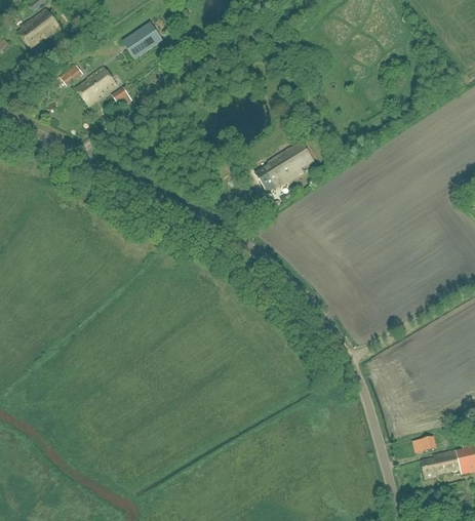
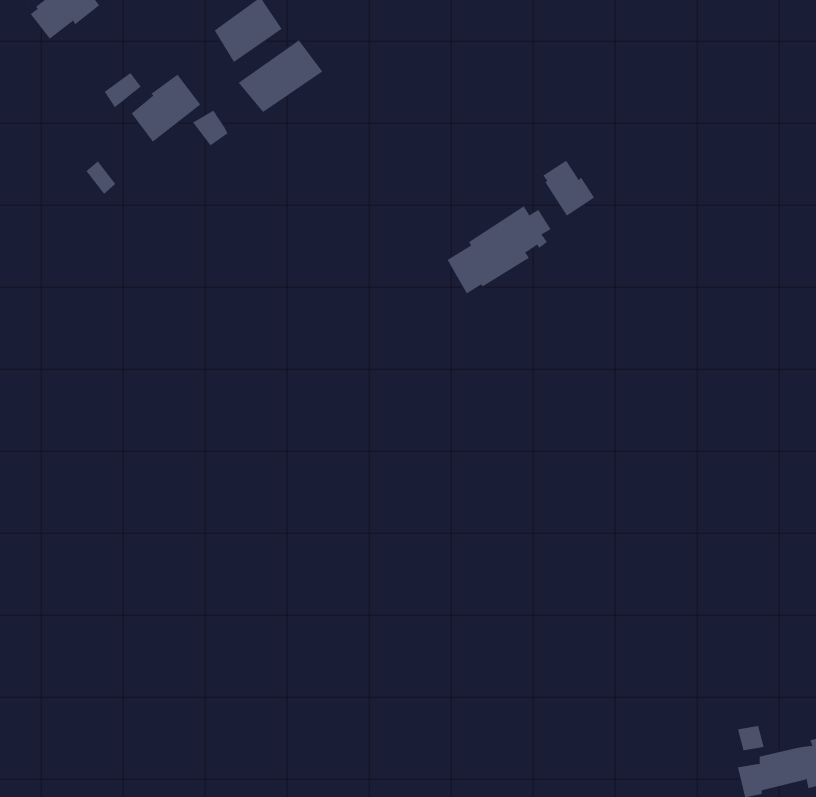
building: none -> [238,40,323,113]
building: none -> [543,160,595,216]

